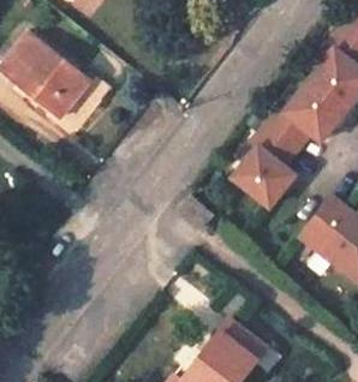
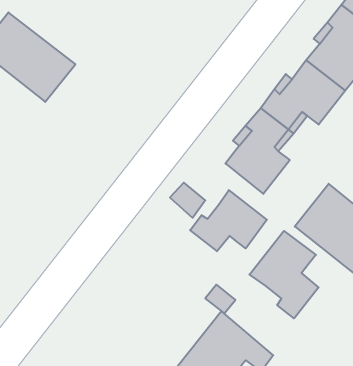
building: none -> [190,190,267,251]
building: none -> [249,231,319,318]

